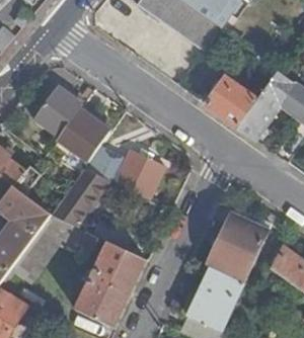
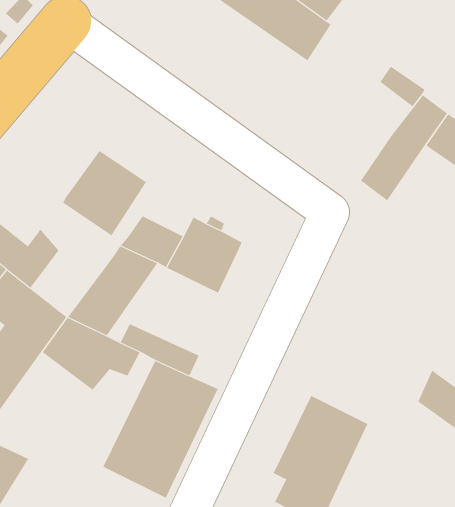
building: [206,75,256,125] -> none
building: [22,81,75,136] -> none
building: [206,205,274,280] -> none

